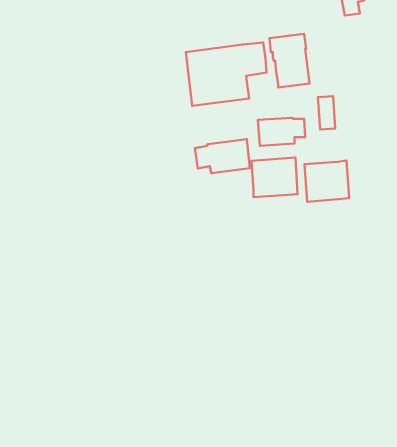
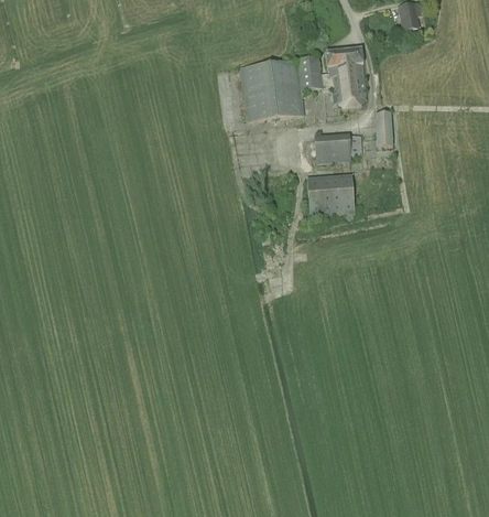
building: [195,139,250,173] -> none
building: [304,161,349,202] -> none

